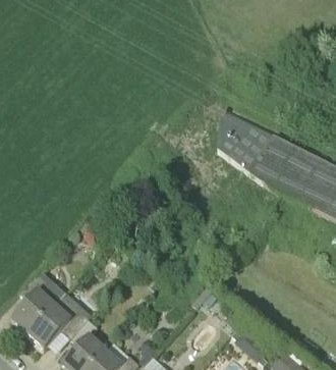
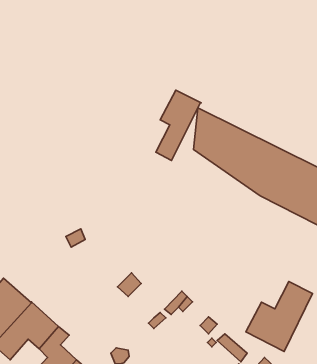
building: none -> [156,90,201,160]
building: none -> [246,281,312,351]

